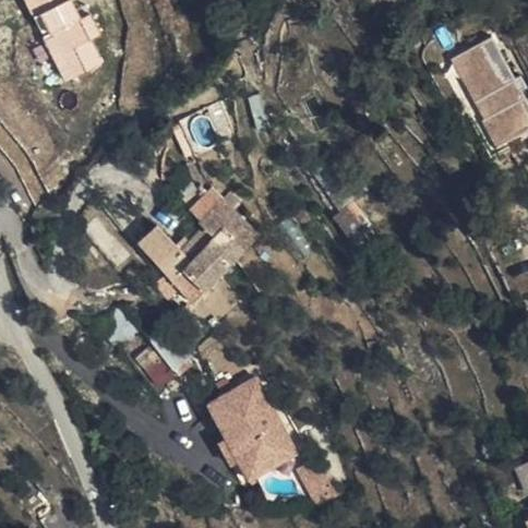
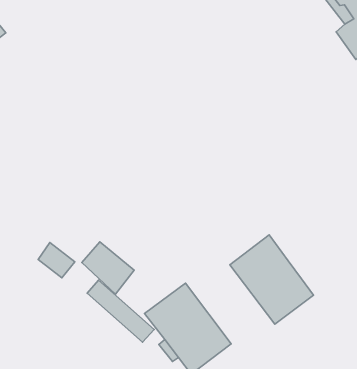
building: [132,200,249,295] -> none
building: none -> [230,235,314,324]

